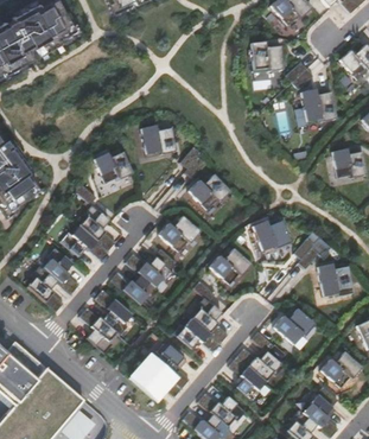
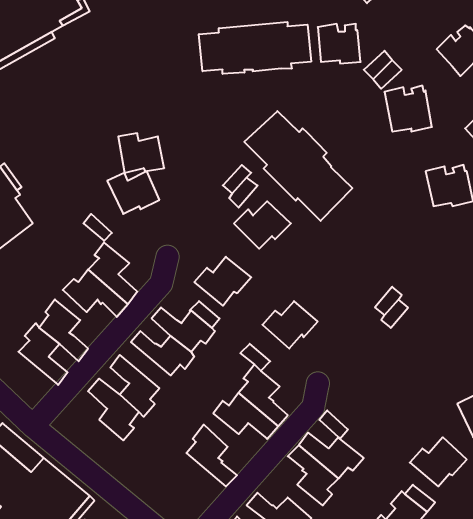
building: none -> [199,22,311,74]
building: none -> [244,111,352,221]
building: [141,126,176,155] -> [118,133,164,173]
building: [253,221,291,252] -> none
building: [318,265,354,297] -> none
building: [274,308,316,345] -> none
building: [134,363,183,397] -> none

